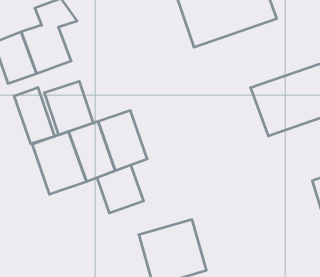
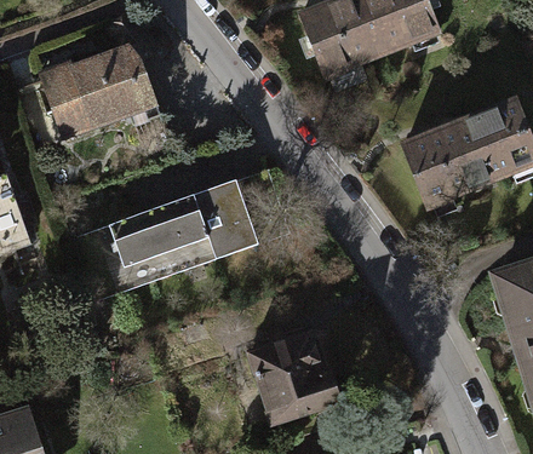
building: [44,81,93,135] -> none
building: [14,87,55,144] -> none
building: [97,165,144,213] -> none

